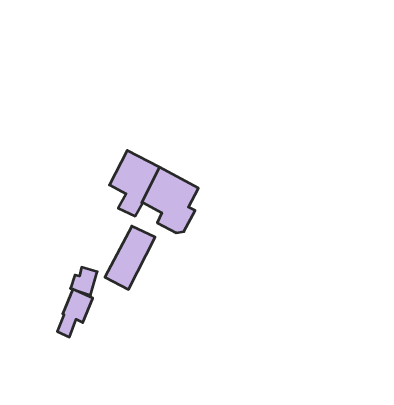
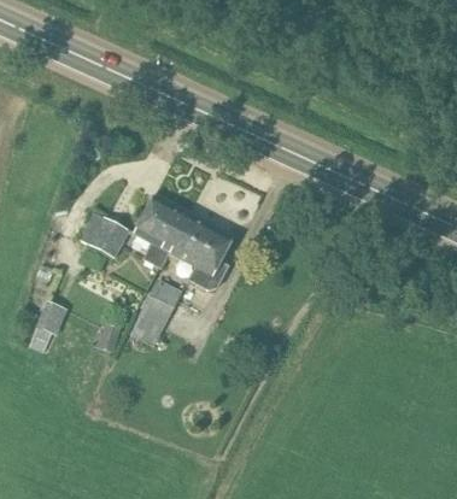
building: none -> [80,211,130,258]
building: [57,289,93,337] -> [29,299,68,351]

